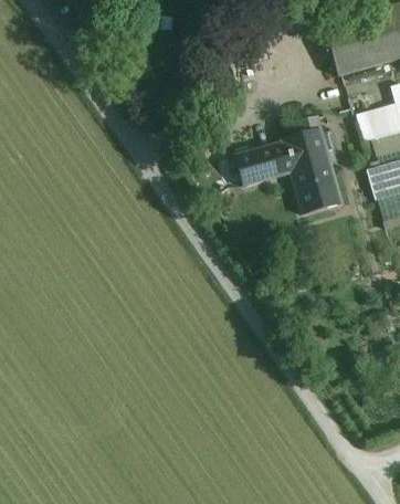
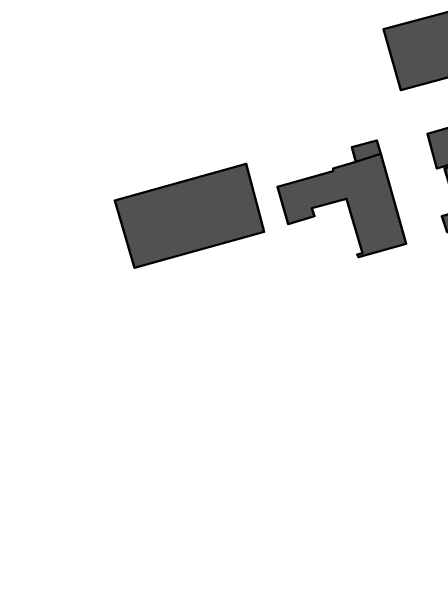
building: none -> [115,164,264,268]

